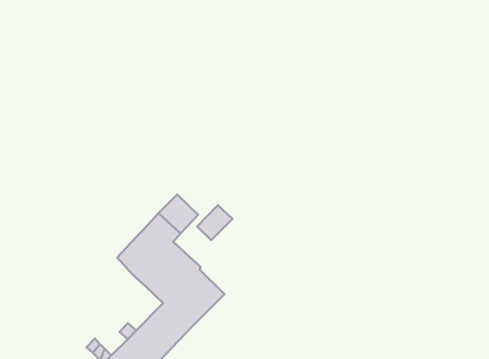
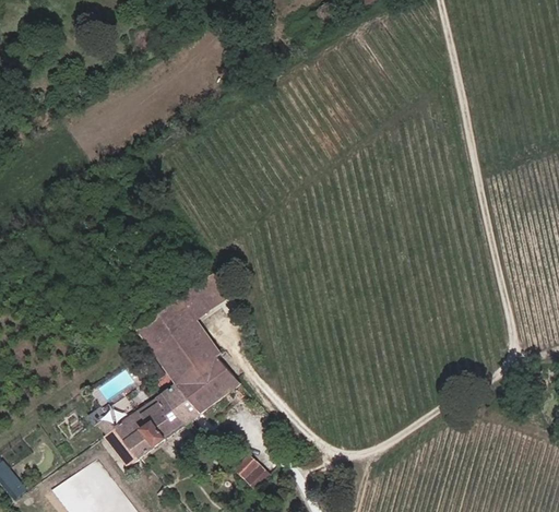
building: [197,205,233,240] -> none

